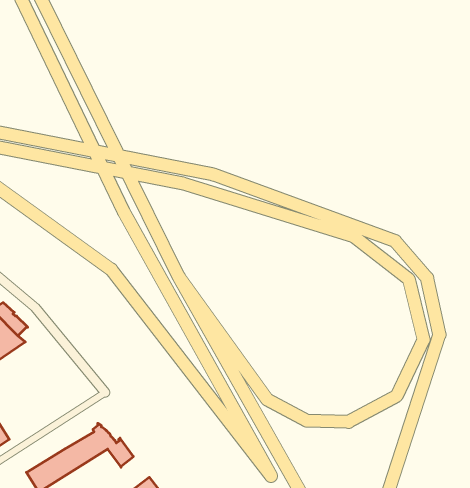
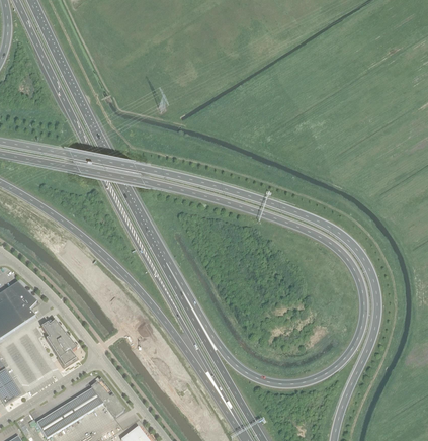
building: none -> [41,320,77,363]

